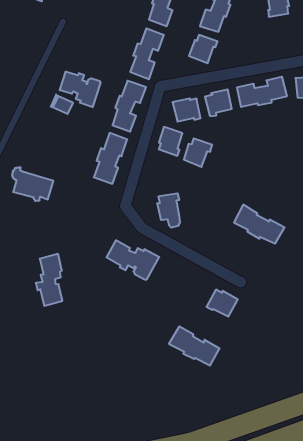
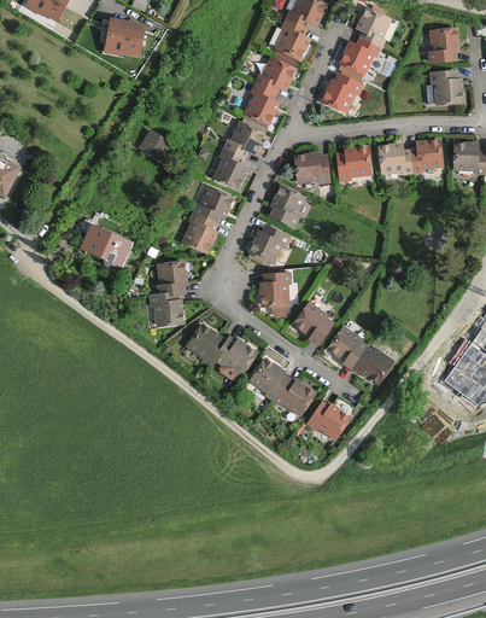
building: none -> [96,22,141,53]
building: none -> [424,72,461,104]
building: [60,71,100,107] -> none
building: [184,138,212,167] -> [250,226,288,263]
building: [234,205,285,244] -> [329,327,393,381]
building: none -> [294,304,332,344]
building: [36,254,62,306] -> [151,262,186,326]
building: [169,326,220,366] -> [251,360,315,414]

